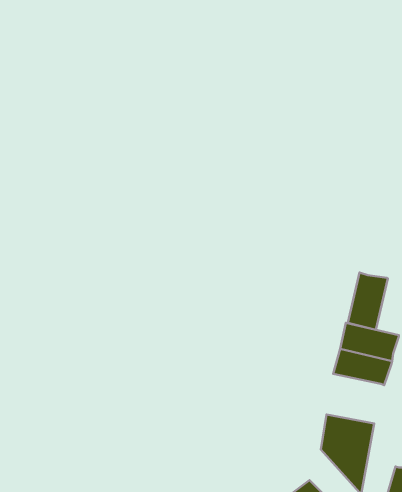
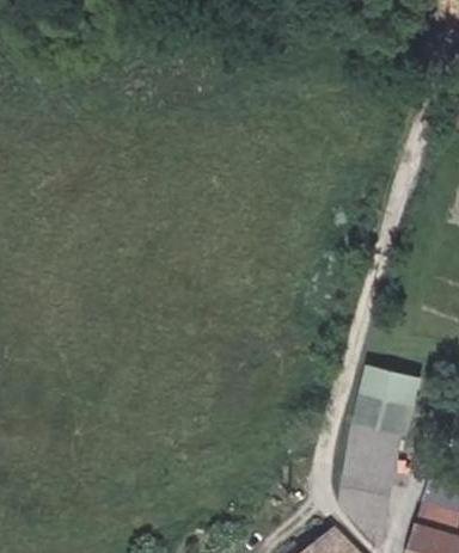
building: [348,272,388,330] -> none
building: none -> [345,420,403,473]

